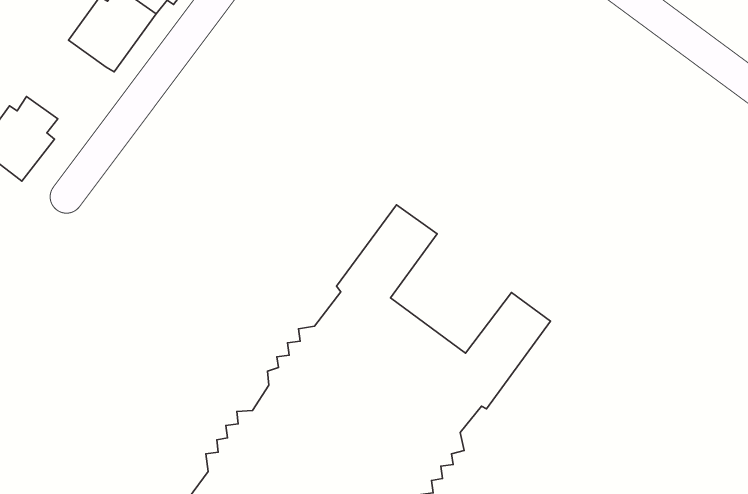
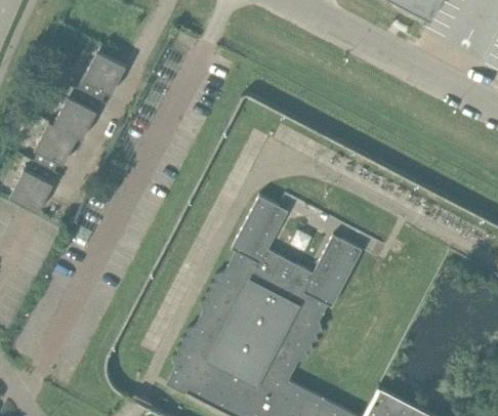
building: none -> [34,123,78,173]

